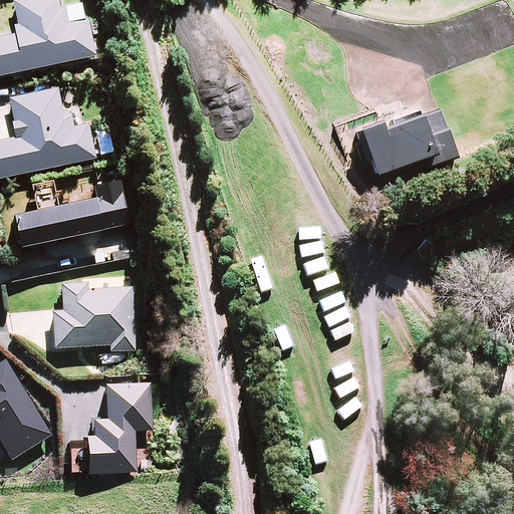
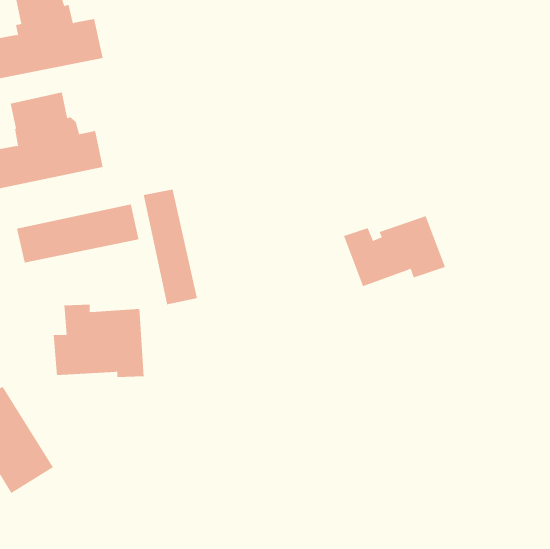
building: [367,108,463,175] -> [343,215,446,287]
building: none -> [143,188,198,305]
building: [84,383,152,475] -> none

